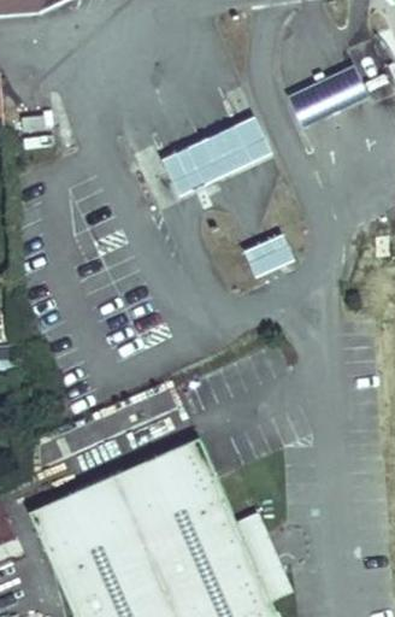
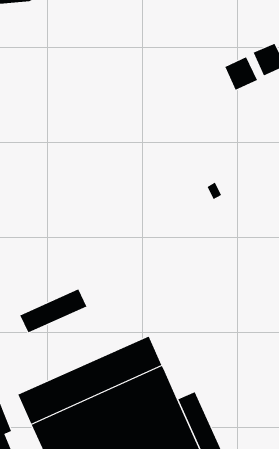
building: [165,113,276,192] -> none
building: none -> [20,288,87,333]

